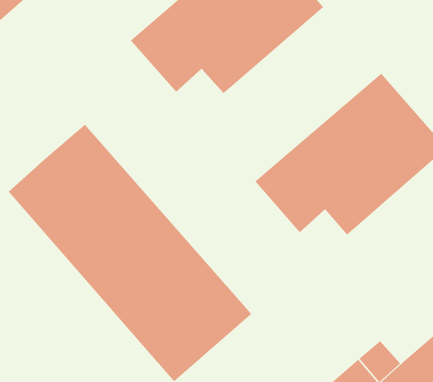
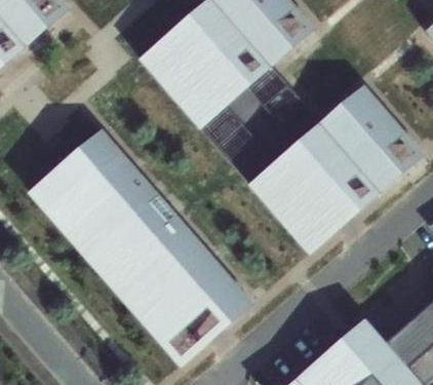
building: none -> [182,83,224,125]
building: none -> [291,208,333,251]

